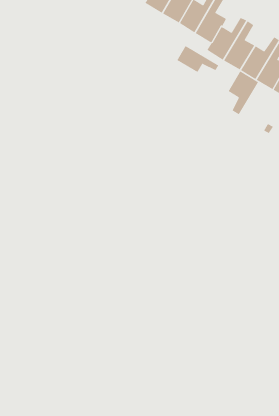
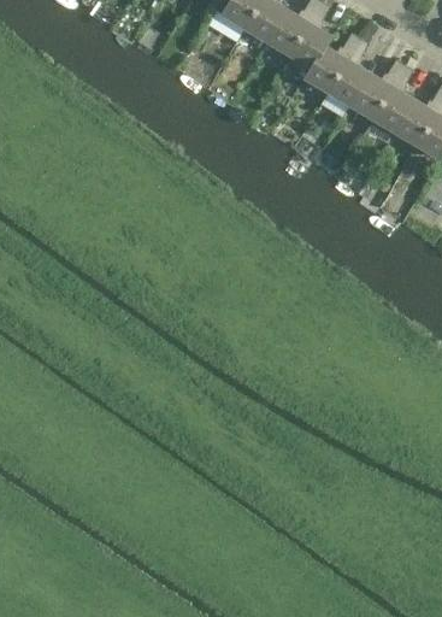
building: [176,45,219,73] -> none
building: [228,71,259,115] -> none

